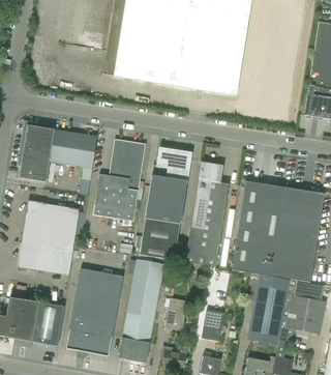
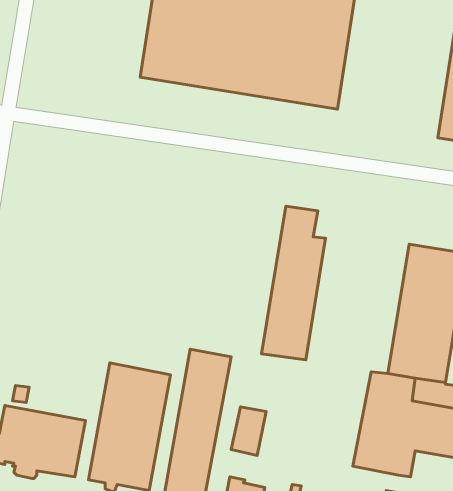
building: [19,124,97,181] -> none
building: [93,138,146,220] -> none
building: [140,147,191,259] -> none
building: [232,180,285,275] -> none
building: [19,200,80,275] -> none
building: [202,299,223,340] -> none

